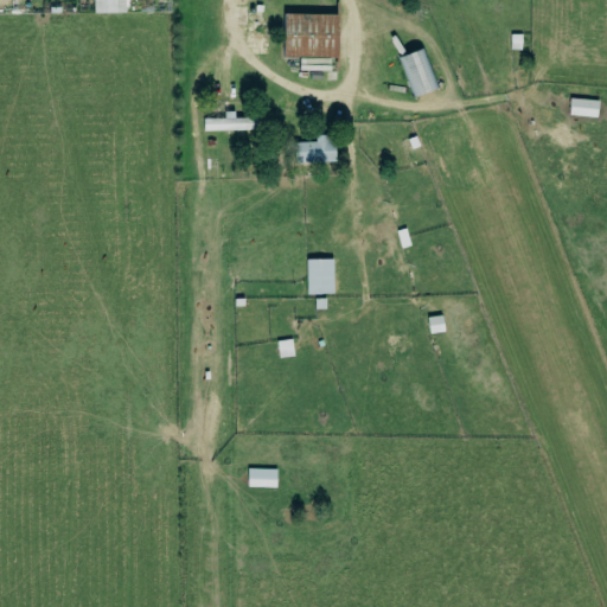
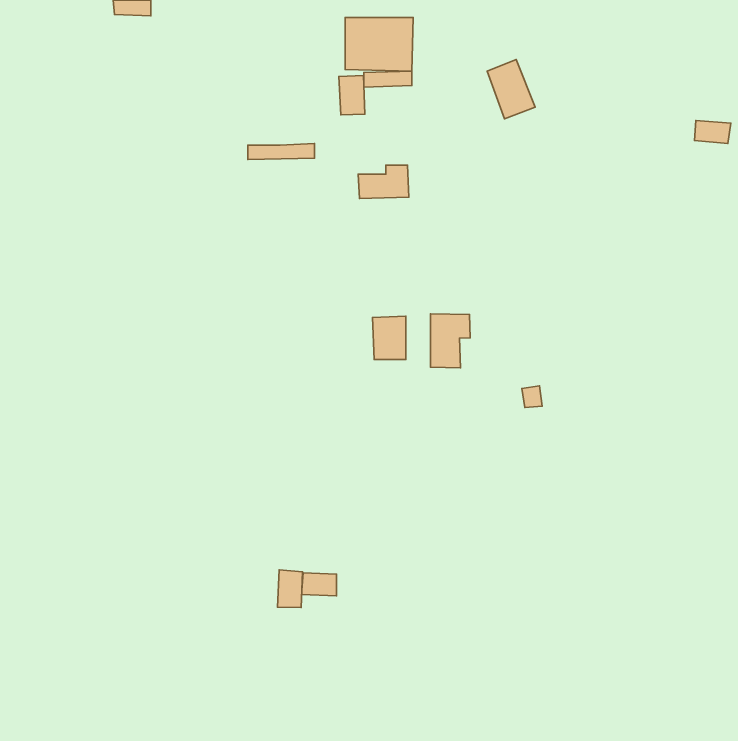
building: none -> [339,75,365,115]
building: none -> [430,314,470,368]
building: none -> [278,570,302,607]

